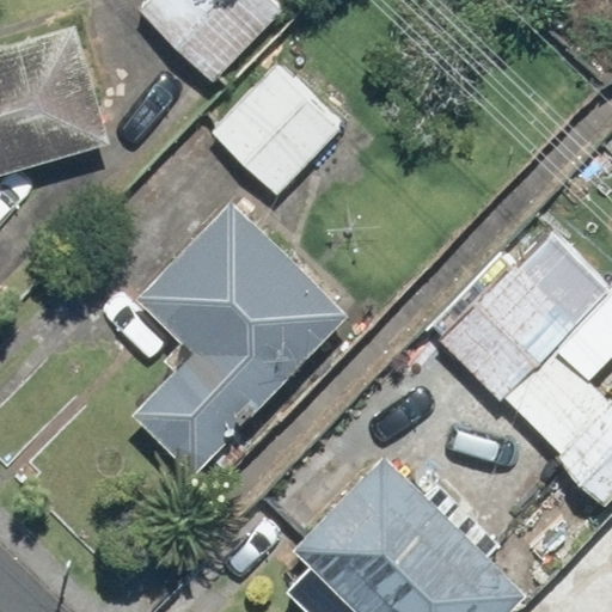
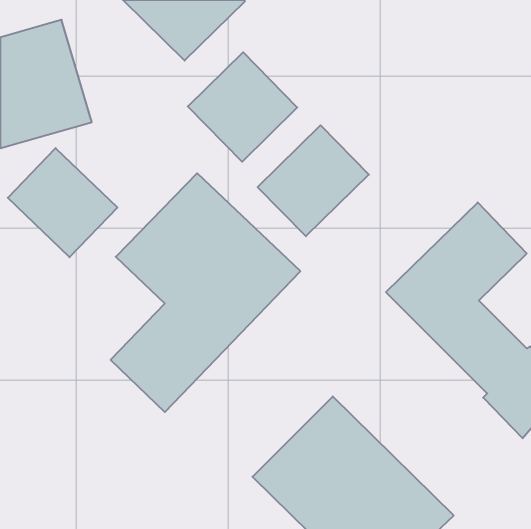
building: none -> [258,125,369,236]
building: none -> [8,148,117,257]

